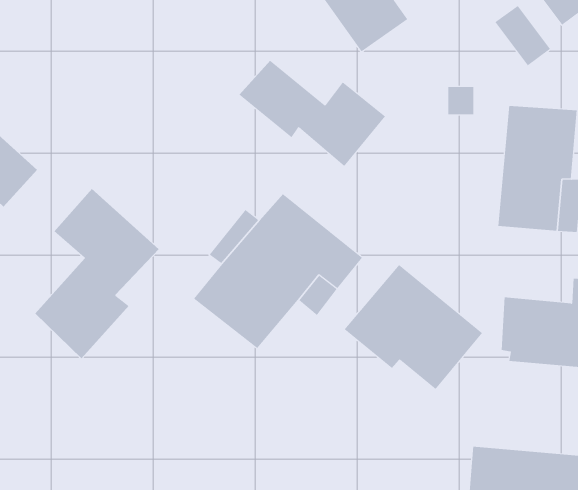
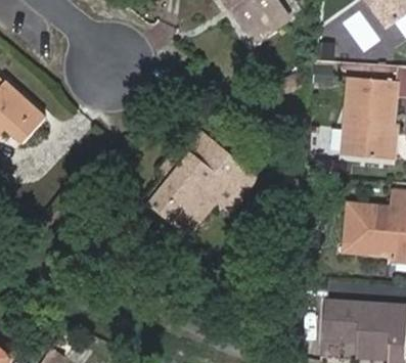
building: [238,60,386,167] -> none
building: [35,188,159,359] -> none
building: [344,264,483,390] -> none

